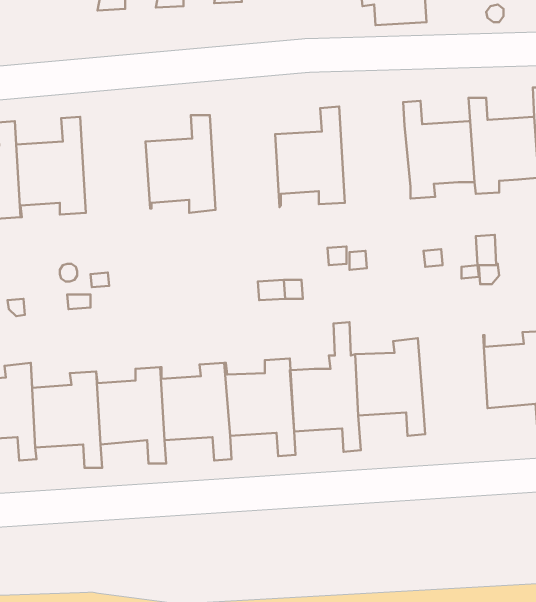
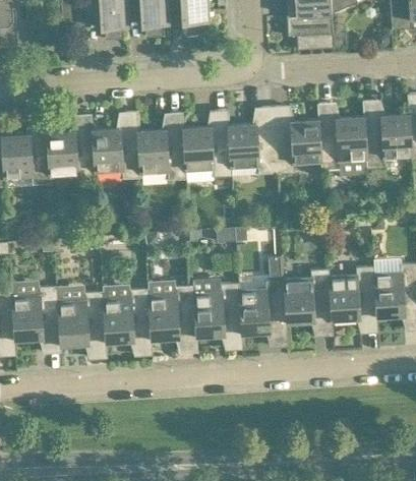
building: none -> [273,104,322,172]
building: none -> [183,108,231,177]
building: none -> [93,109,140,179]
building: none -> [328,264,377,332]

